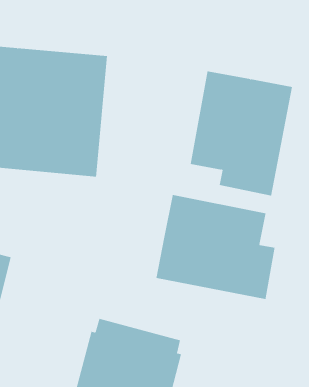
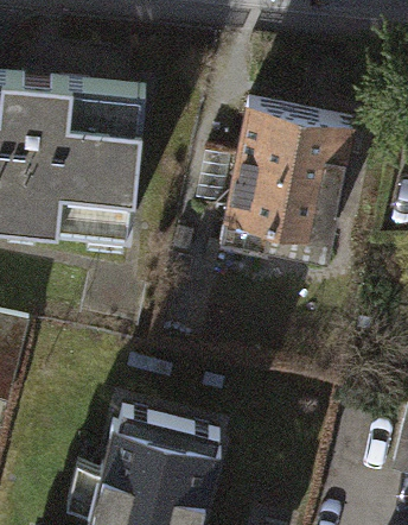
building: [156,194,275,300] -> none

